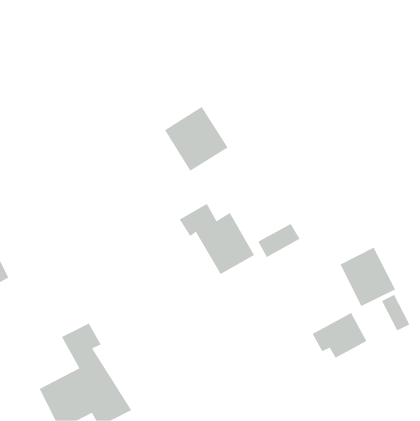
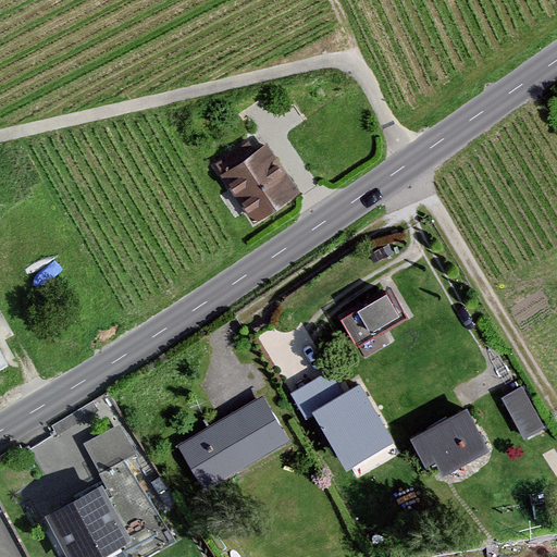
building: [179,203,255,275] -> [290,372,391,467]
building: [340,247,396,307] -> none
building: none -> [180,400,283,486]

